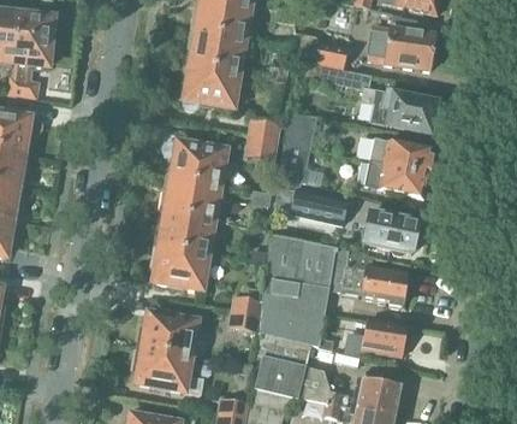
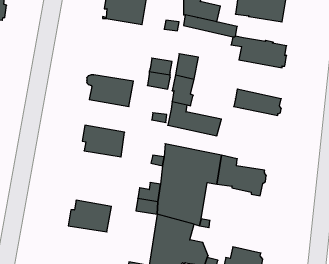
building: [182,64,239,112] -> none
building: [369,137,434,173] -> none
building: [161,175,221,219] -> none
building: [364,210,420,252] -> none
building: [151,245,210,289] -> none
building: [346,318,409,354] -> none
building: [135,347,201,394] -> none

